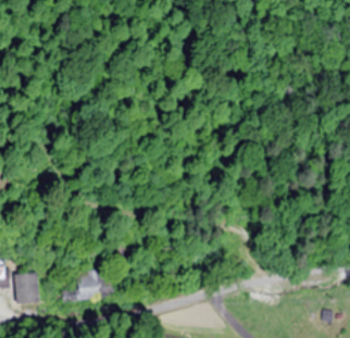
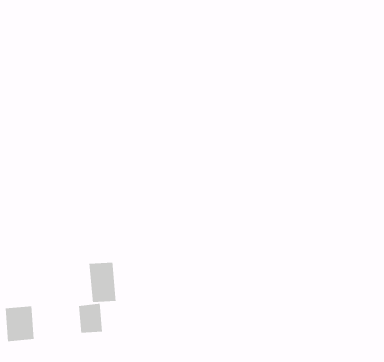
building: none -> [89,262,116,303]

